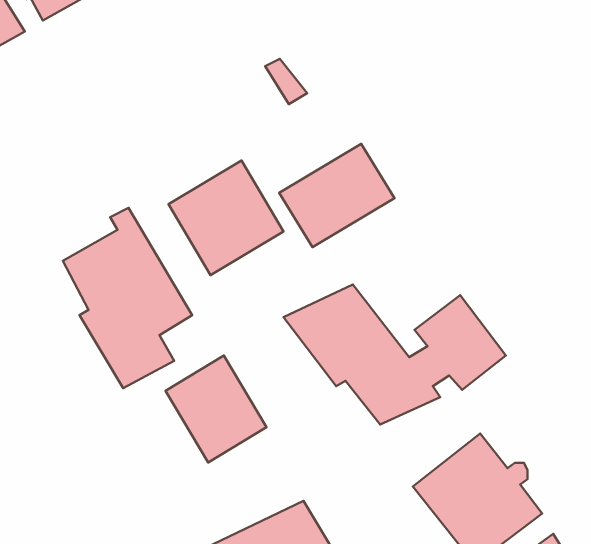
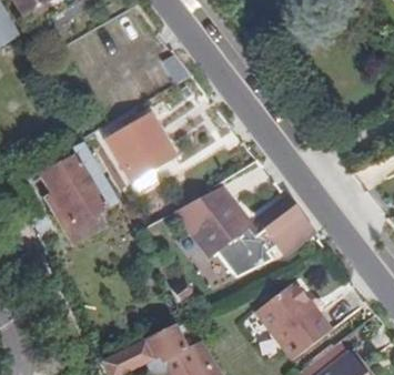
building: [279,144,395,247] -> none
building: [166,355,266,463] -> none

